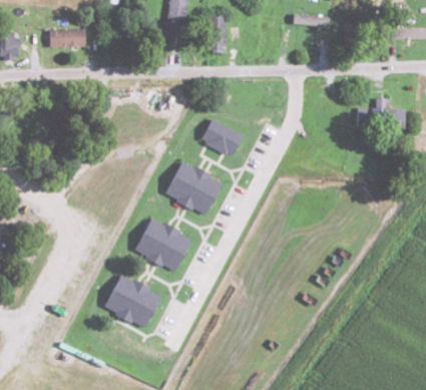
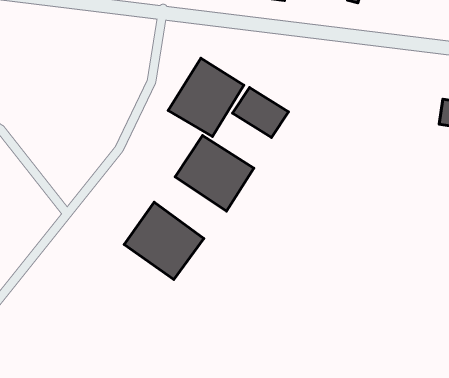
building: none -> [168,58,244,136]
building: [103,274,162,329] -> none

